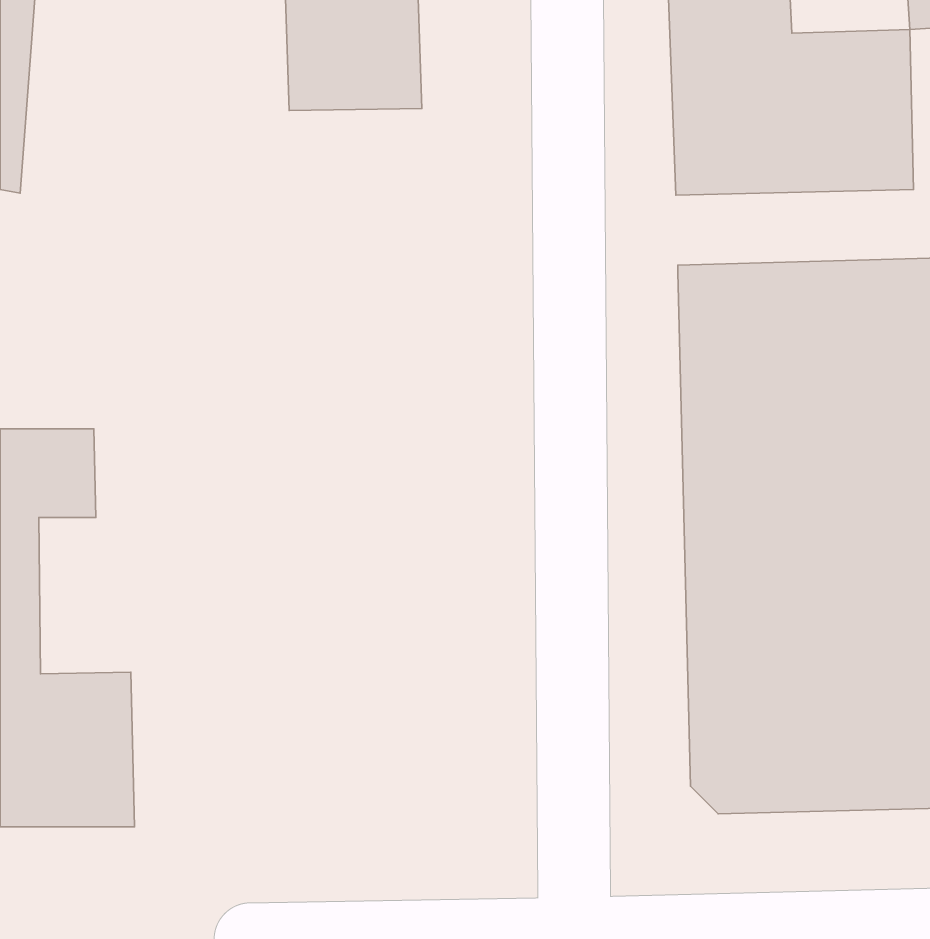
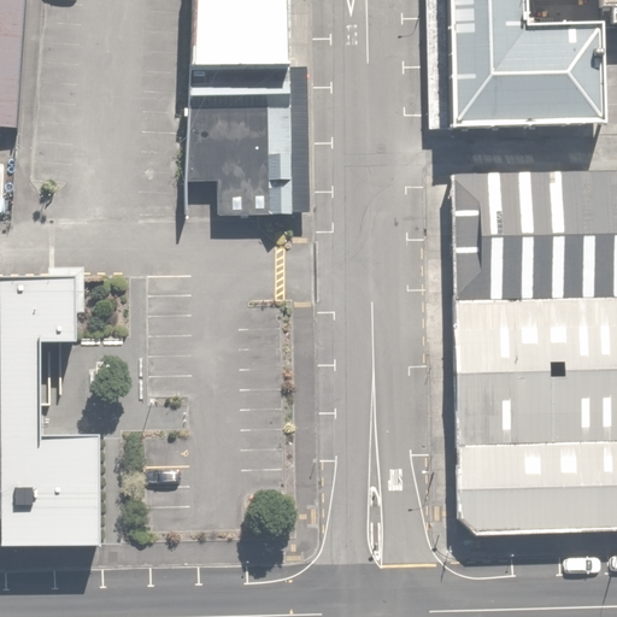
building: none -> [196,71,284,216]

